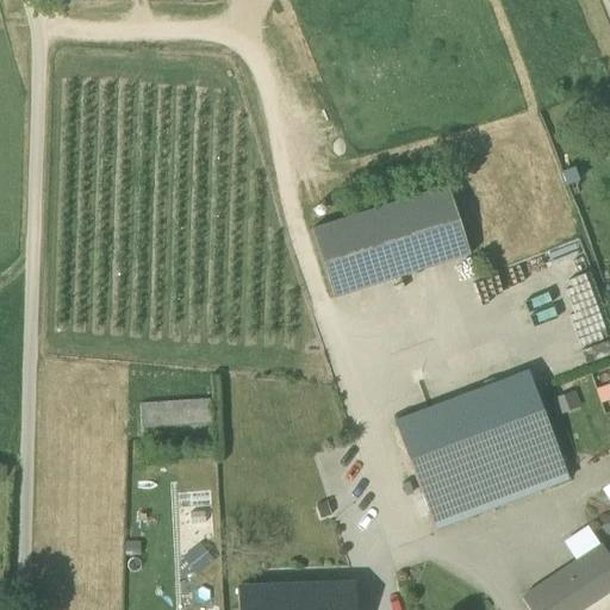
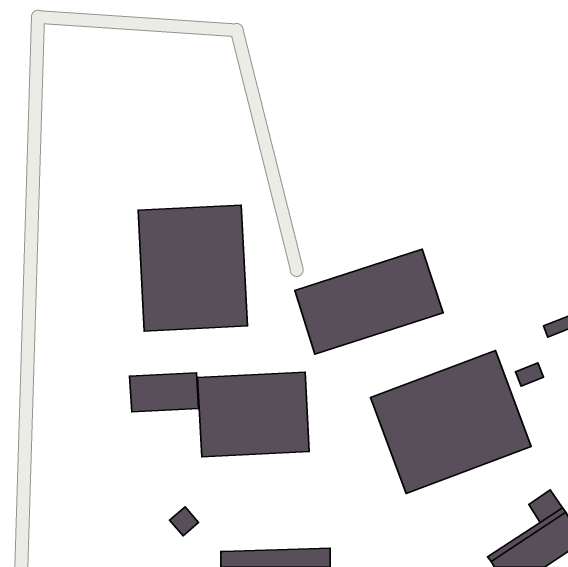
building: [313,183,472,295] -> [295,249,443,354]
building: none -> [138,205,248,331]
building: none -> [198,372,309,457]

